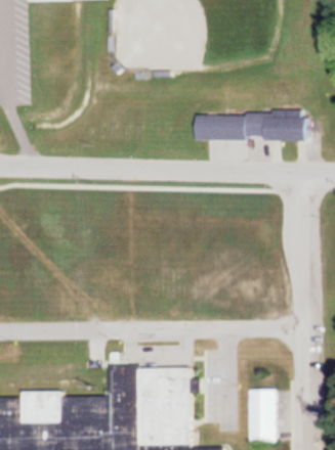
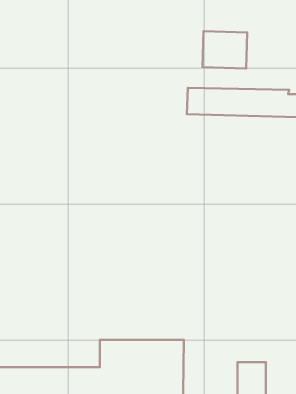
building: none -> [203,31,247,68]

